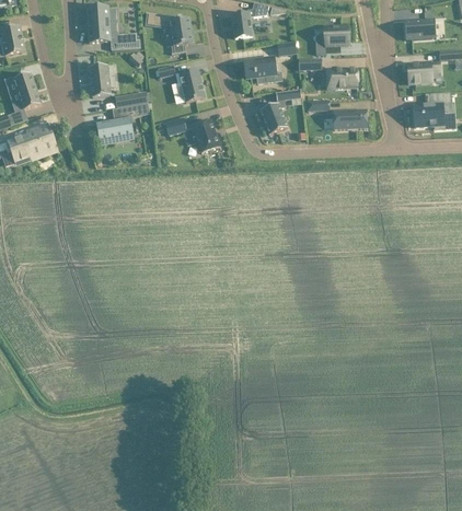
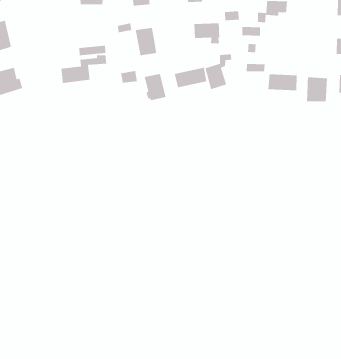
building: [88,65,112,97] -> none
building: [325,68,357,89] -> none
building: none -> [174,67,207,88]
building: none -> [306,77,328,102]

